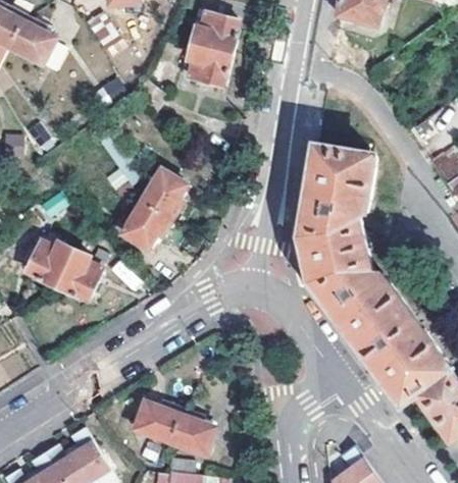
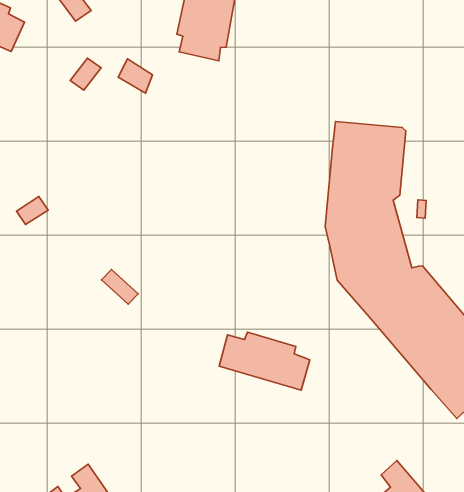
building: [120,174,184,251] -> none
building: [28,242,102,300] -> none
building: [130,399,208,452] -> [219,332,310,390]

